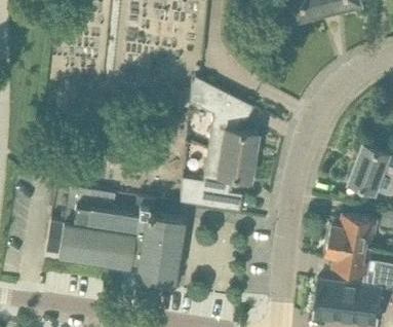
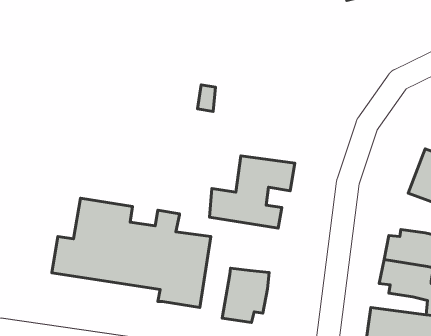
building: [189,78,256,158] -> none
building: none -> [222,268,269,322]

